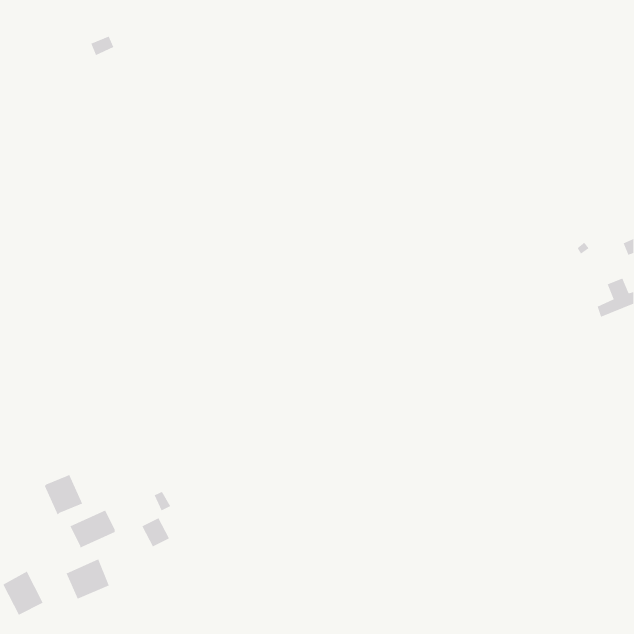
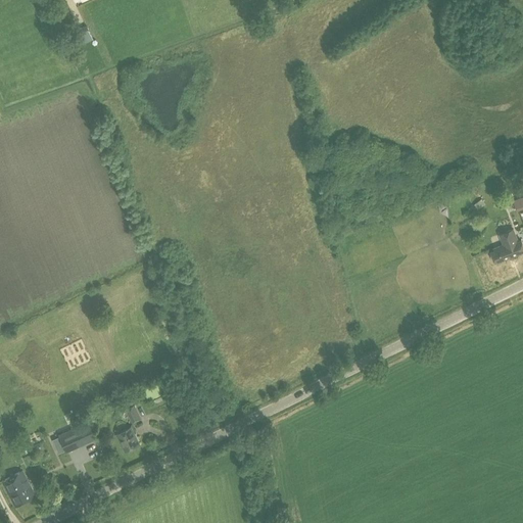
building: [44,474,83,515] -> none
building: [66,559,109,599] -> none

